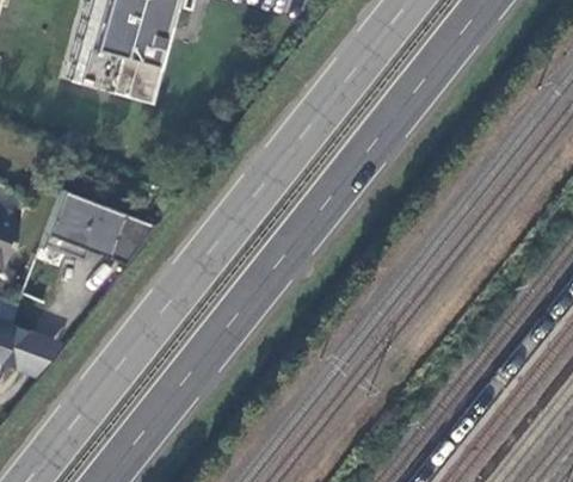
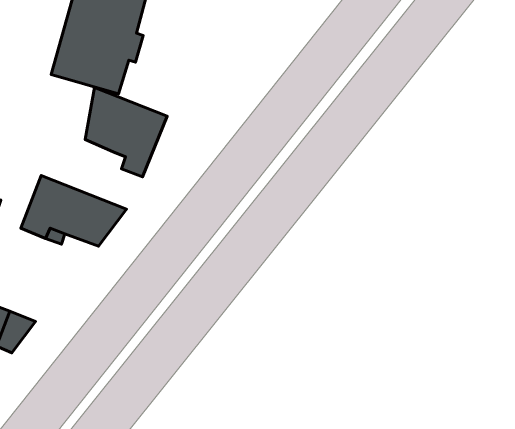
building: none -> [85,88,167,177]

